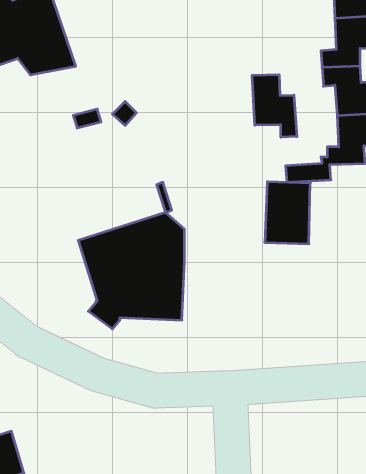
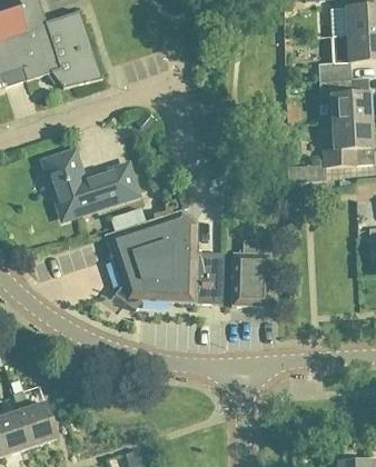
building: [252,75,297,137] -> none
building: none -> [44,151,136,217]
building: [265,182,310,244] -> [230,251,270,306]
building: none -> [196,251,224,302]

